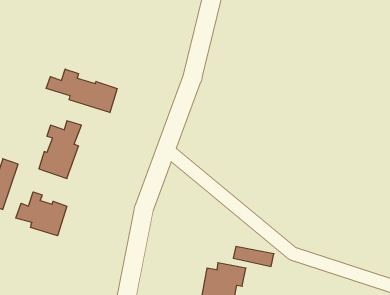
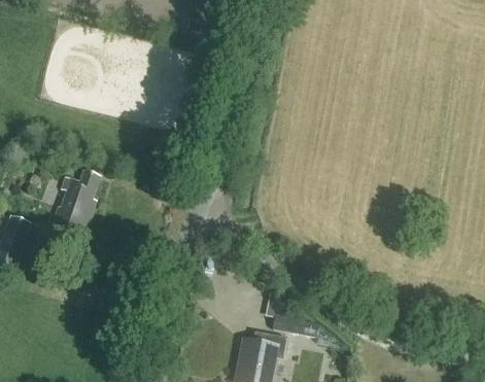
building: [46,69,117,113] -> none
building: [16,192,67,236] -> none

